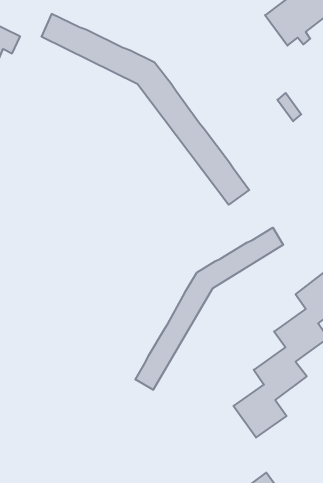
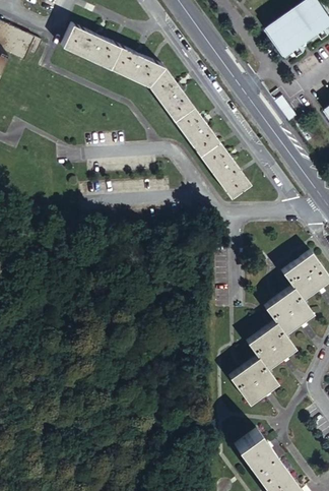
building: [135,228,283,390] -> none

